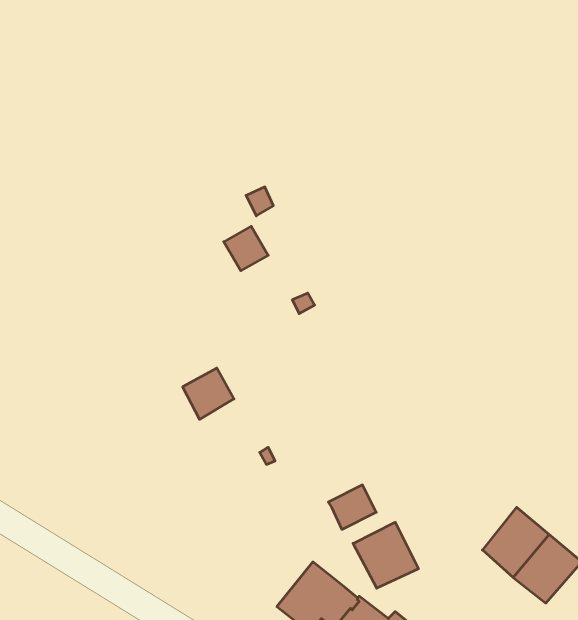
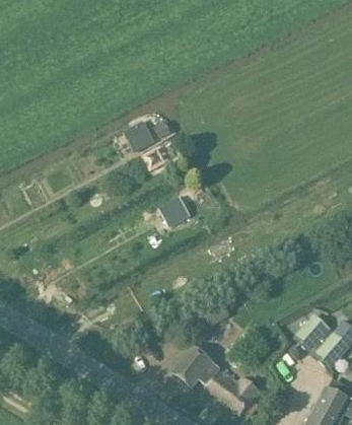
building: none -> [124,121,154,152]
building: [183,368,234,419] -> [158,197,189,227]
building: [353,522,418,588] -> none

